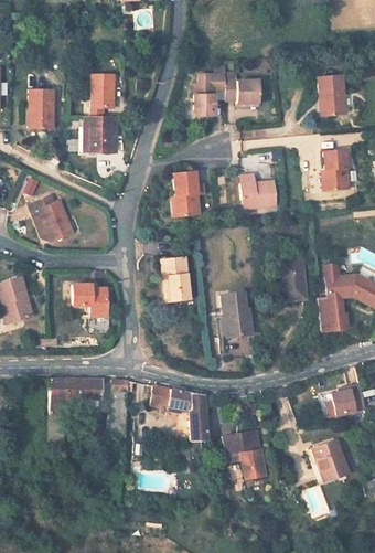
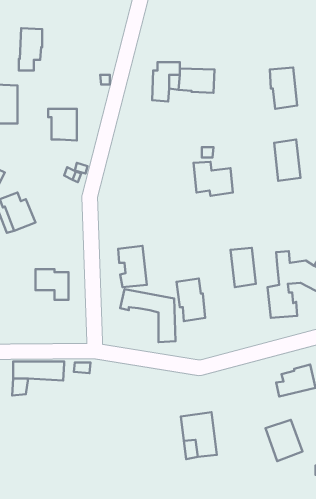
building: [88,72,113,116] -> [19,28,42,71]
building: [174,172,201,217] -> none
building: [150,385,207,440] -> [120,289,175,342]

